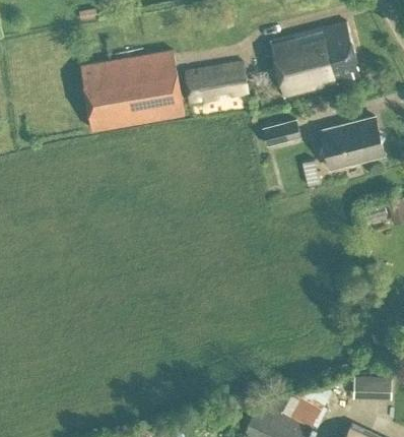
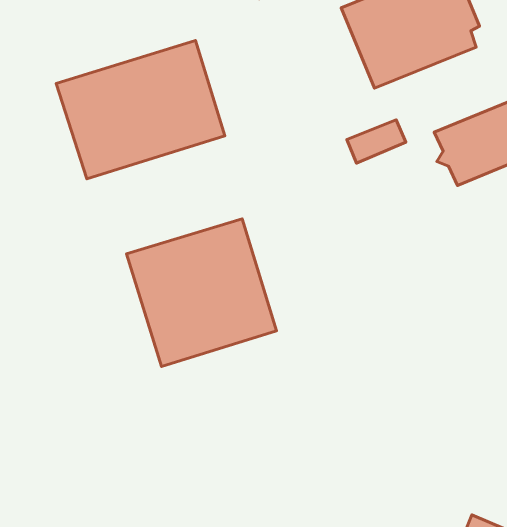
building: [185,63,249,103] -> none
building: none -> [127,219,277,367]

